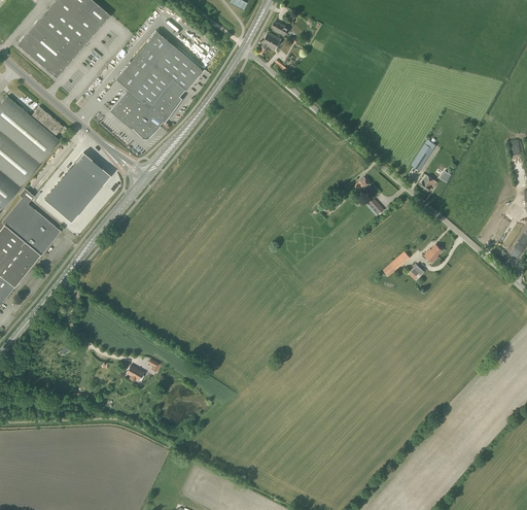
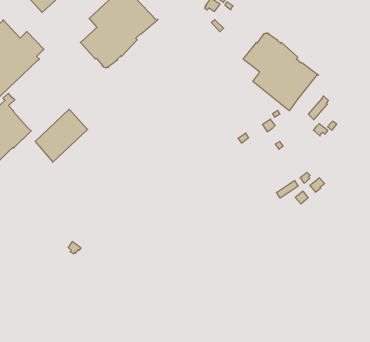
building: none -> [243,33,318,111]
building: [45,154,110,224] -> [35,109,88,162]

